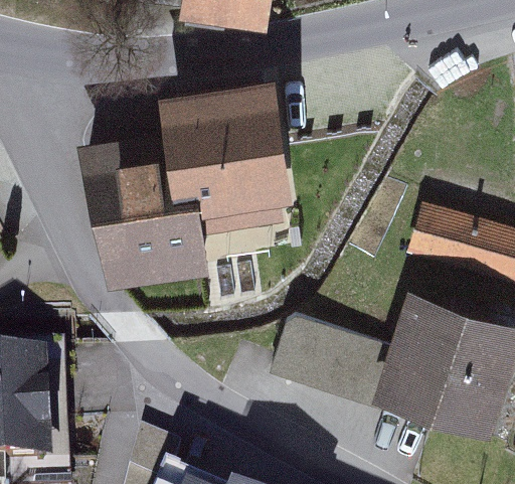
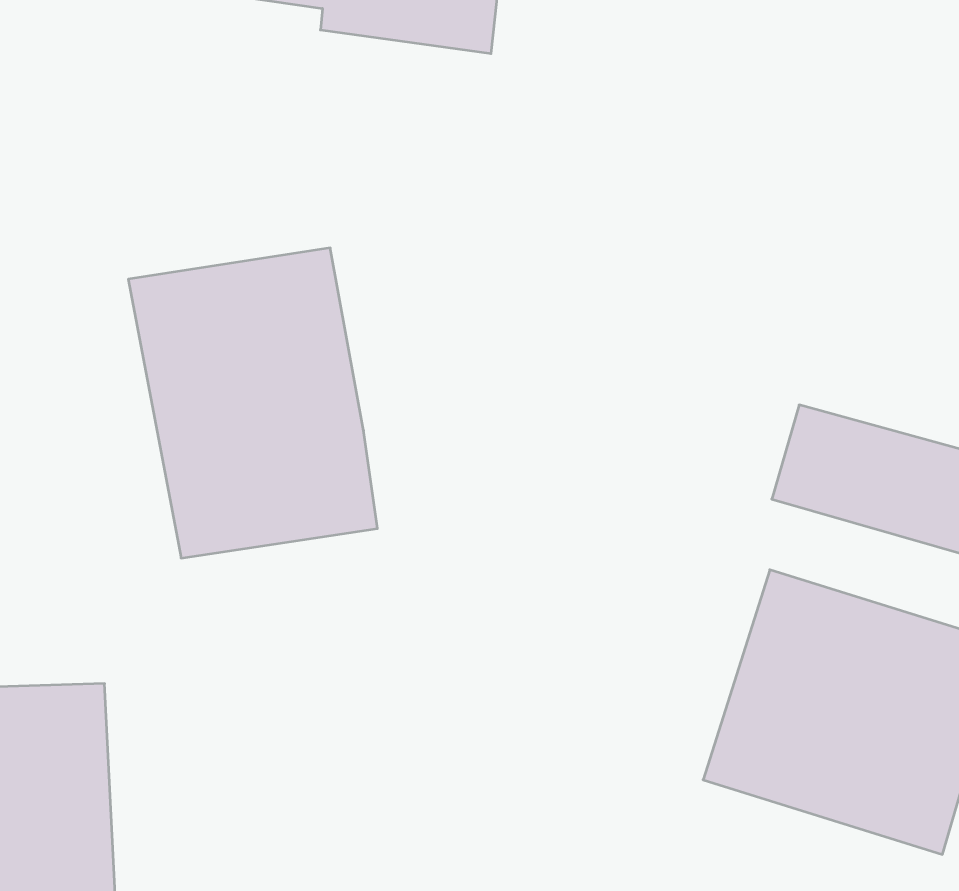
building: [179,87,280,222] -> none
building: [274,311,370,396] -> none

